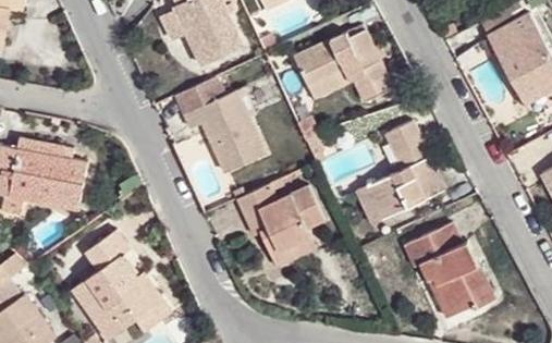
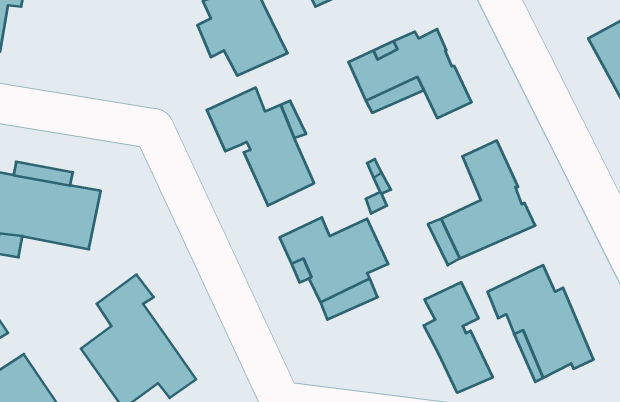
building: none -> [424,282,493,393]

